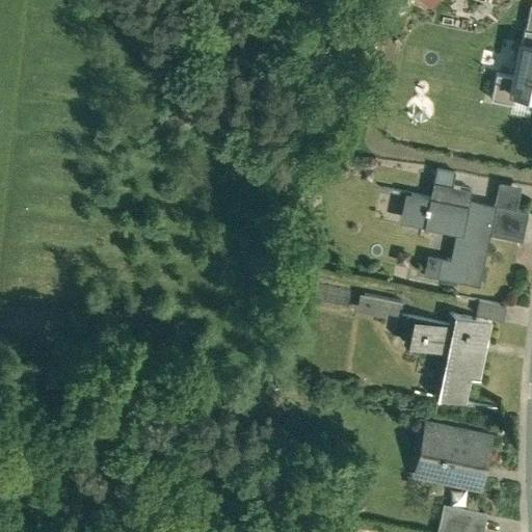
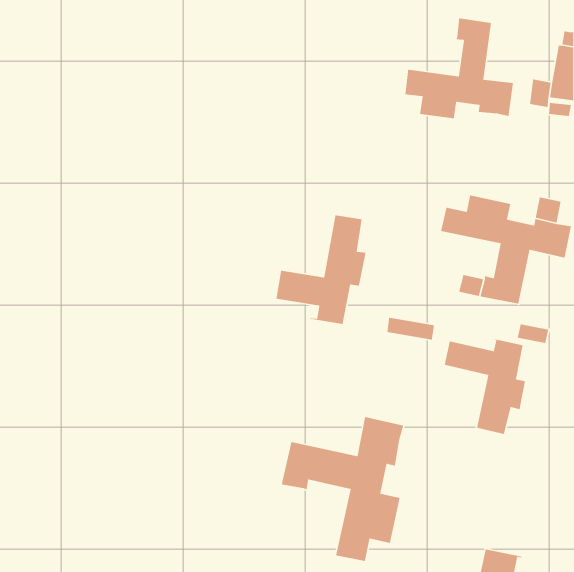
building: none -> [404,18,514,119]
building: none -> [275,215,366,325]
building: none -> [281,416,404,562]
building: [424,427,487,486] -> none

